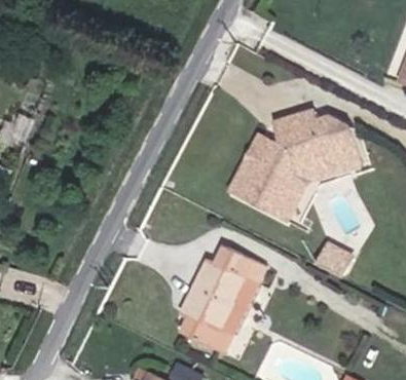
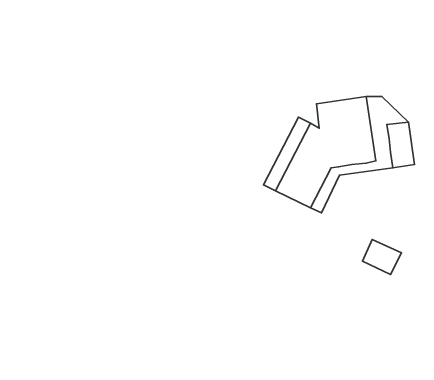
building: [182,246,265,350] -> none

